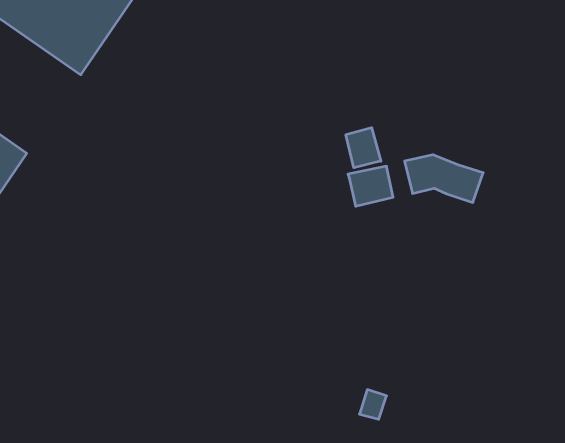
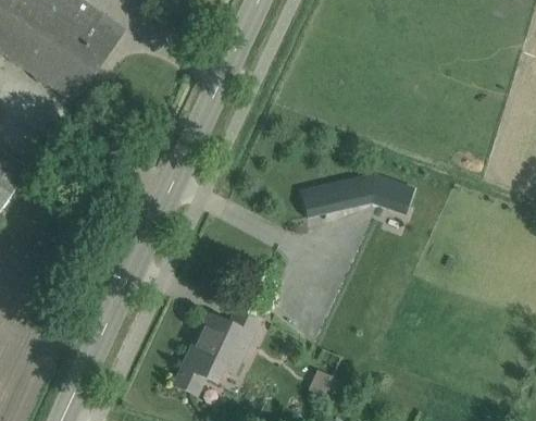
building: [346,128,381,168] -> none
building: none -> [174,308,262,394]

